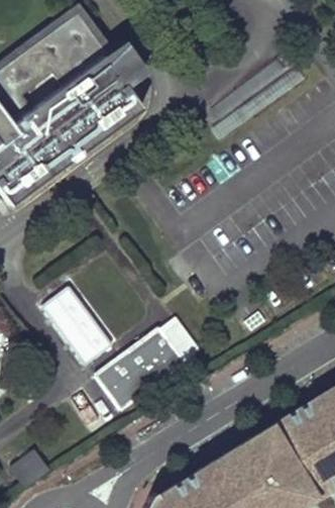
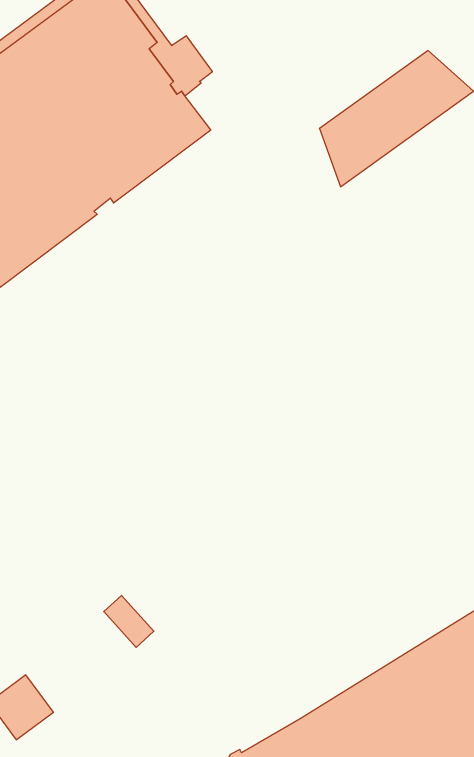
building: [45,283,109,360] -> none
building: [95,319,197,406] -> none

